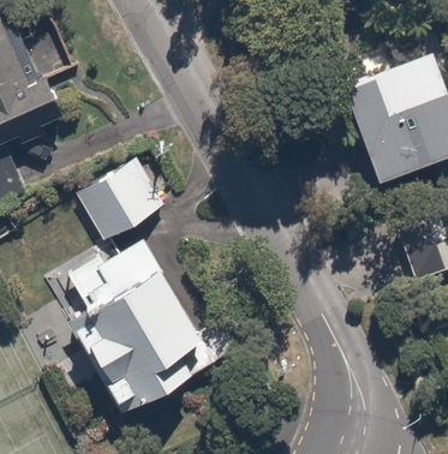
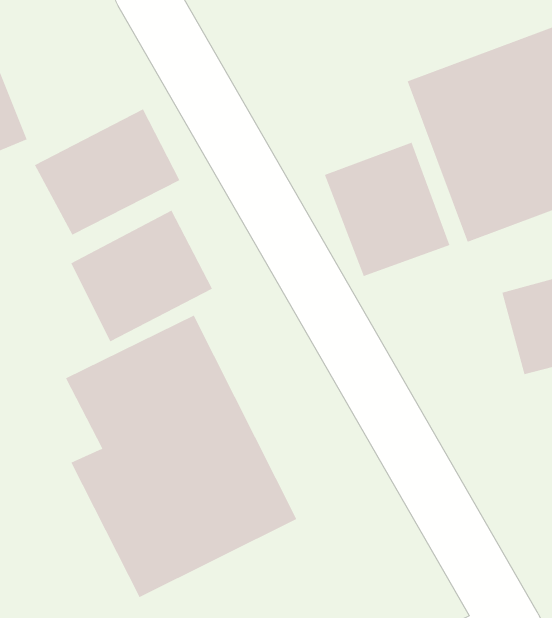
building: none -> [34,109,180,236]
building: none -> [324,142,450,277]

